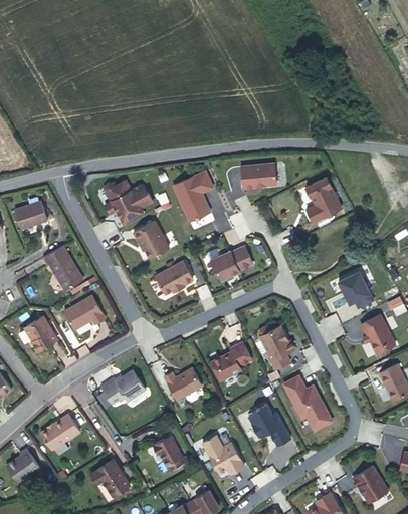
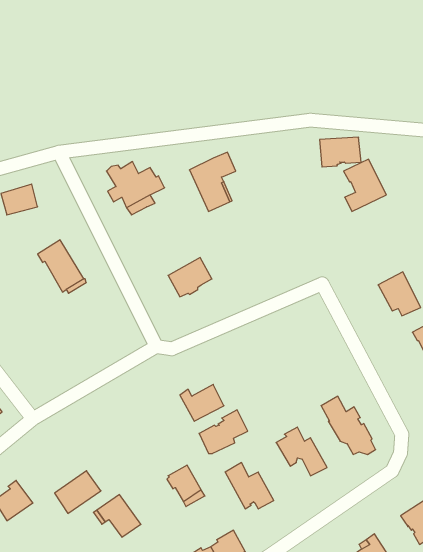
building: [240,163,275,188] -> [320,137,361,167]
building: [132,220,168,257] -> none
building: [209,245,252,279] -> none
building: [65,295,106,329] -> none
building: [24,318,57,353] -> none
building: [258,325,294,368] -> none
building: [210,341,251,378] -> [199,410,248,454]
building: [100,370,145,404] -> none
building: [42,415,81,451] -> [55,471,101,513]

